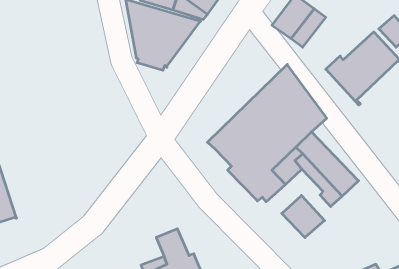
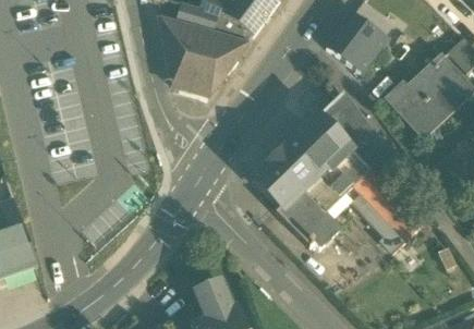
building: [282,195,325,238] -> none

